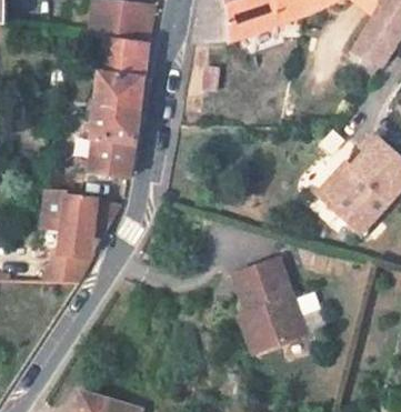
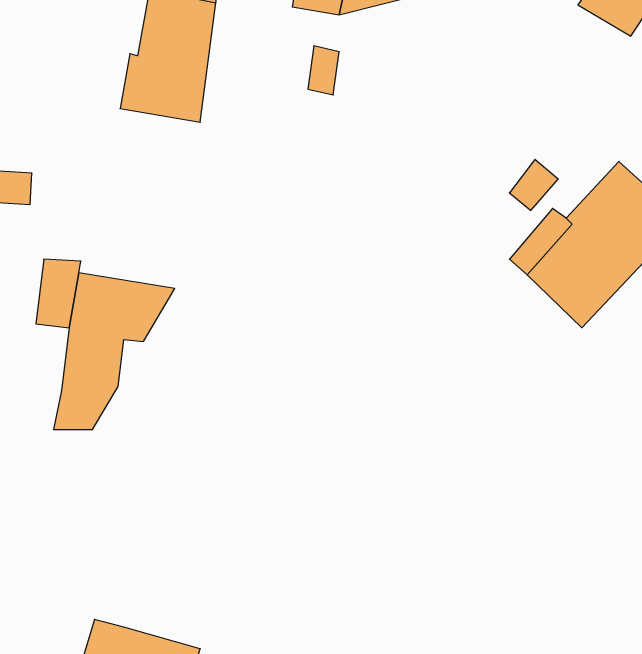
building: [89,101,140,175] -> none
building: [230,250,301,340] -> none

